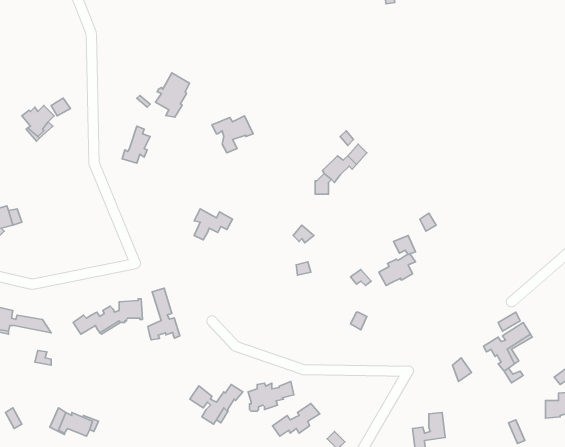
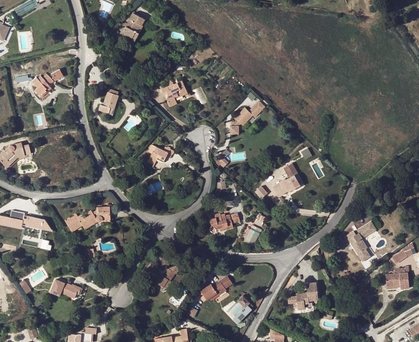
building: [156,73,189,117] -> [121,12,144,42]
building: [148,288,180,340] -> none
building: [248,382,294,411] -> [208,212,239,232]

